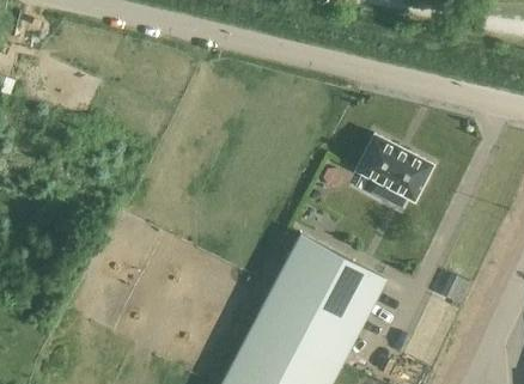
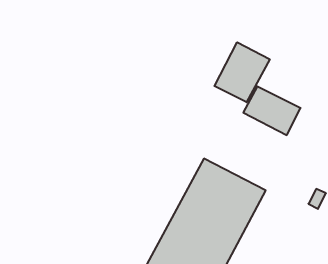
building: none -> [214,42,270,102]

